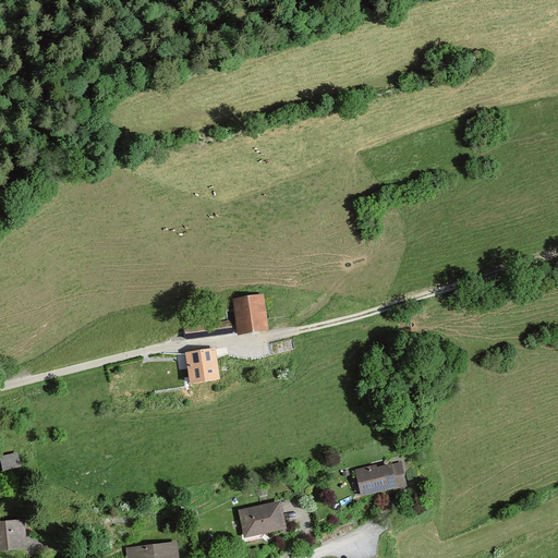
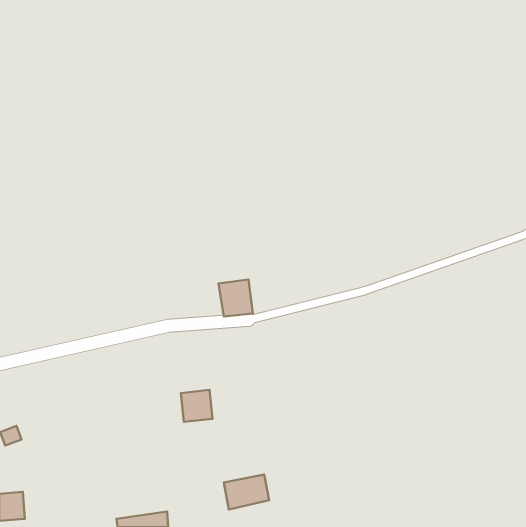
building: [183,350,217,384] -> [181,390,213,422]
building: [353,460,408,497] -> none

